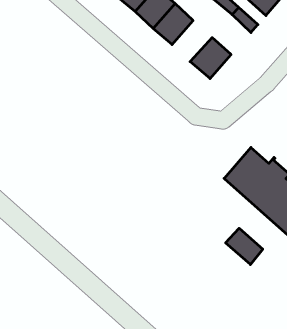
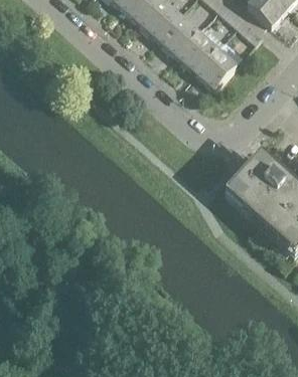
building: none -> [175,31,215,72]
building: [226,228,263,265] -> none

